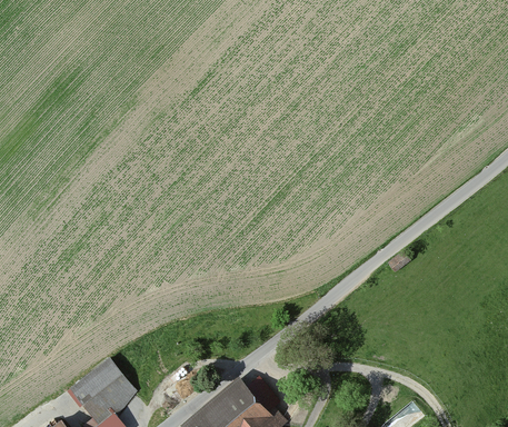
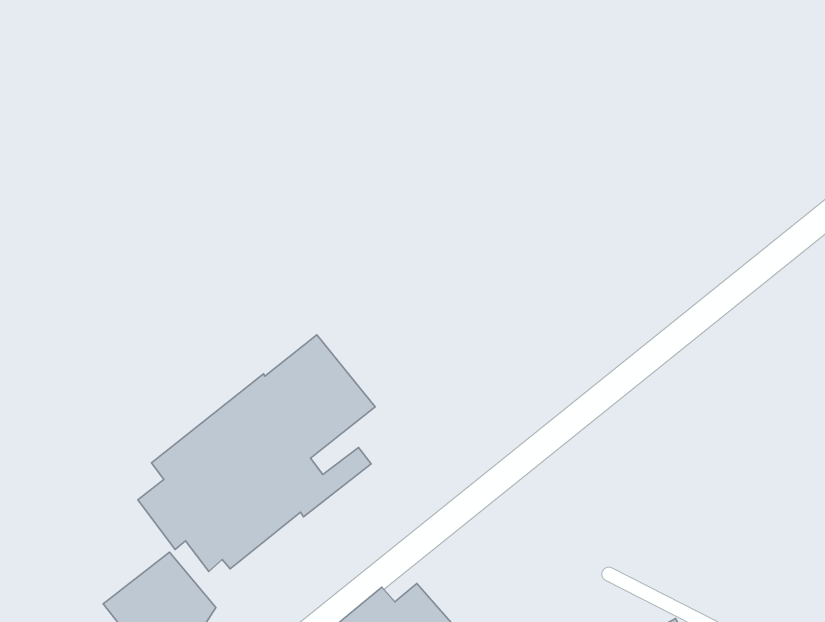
building: none -> [138,335,375,572]

